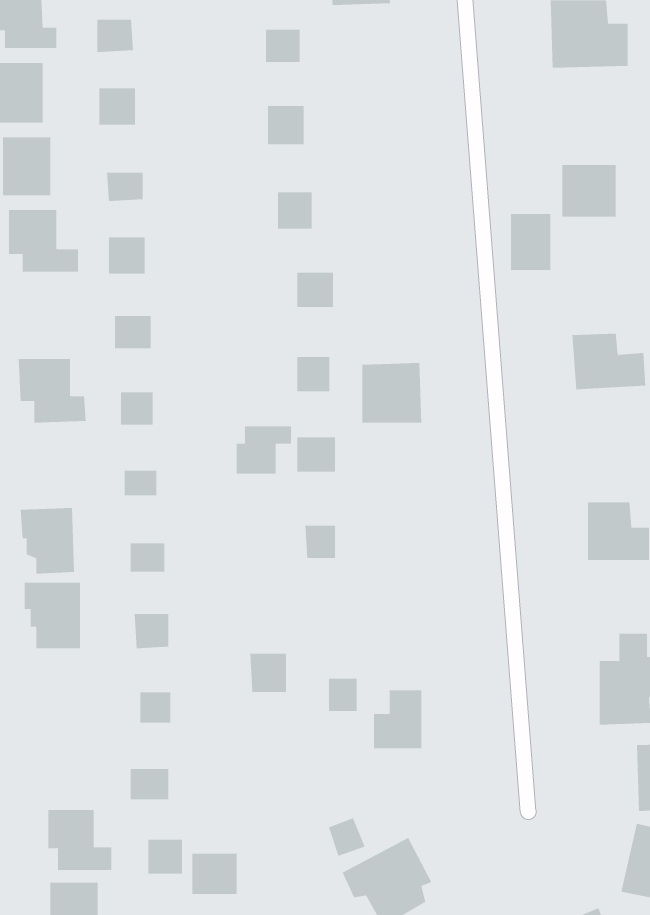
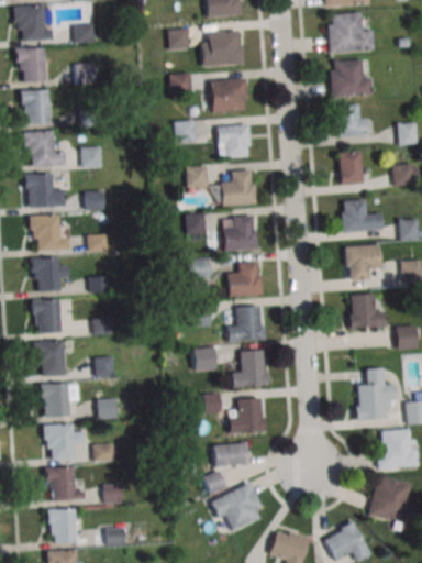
building: none -> [202,31,244,66]
building: none -> [330,60,368,97]
building: none -> [210,79,247,111]
building: none -> [218,125,251,157]
building: [510,214,551,271] -> [340,152,363,184]
building: none -> [213,169,255,206]
building: none -> [25,174,66,207]
building: none -> [345,245,380,280]
building: [236,425,291,475] -> none
building: none -> [33,258,68,291]
building: none -> [227,261,262,297]
building: none -> [229,306,263,340]
building: none -> [232,350,267,388]
building: [249,653,287,692] -> [193,347,214,369]
building: none -> [42,383,78,417]
building: none -> [42,424,82,459]
building: none -> [212,443,249,466]
building: [192,853,237,895] -> none

